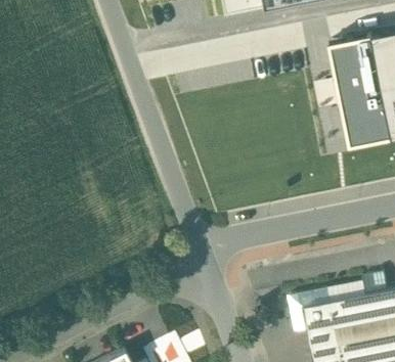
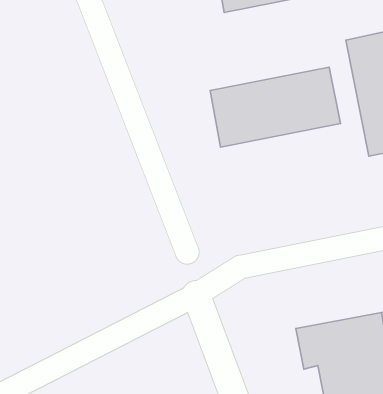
building: none -> [210,67,340,147]

